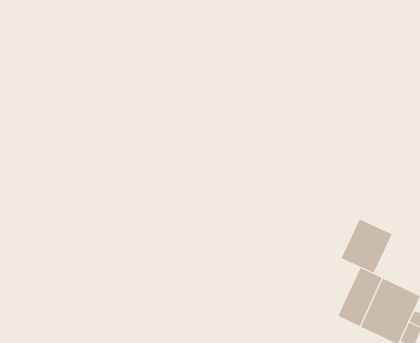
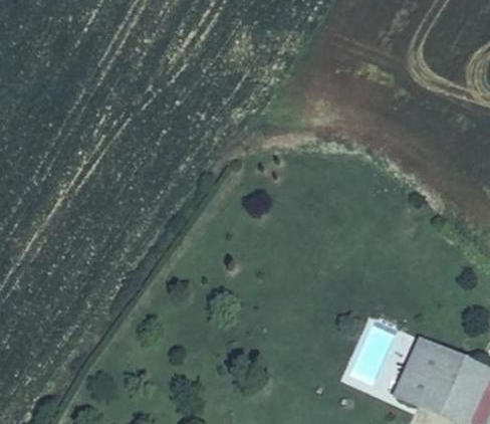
building: [341,219,392,273] -> none

